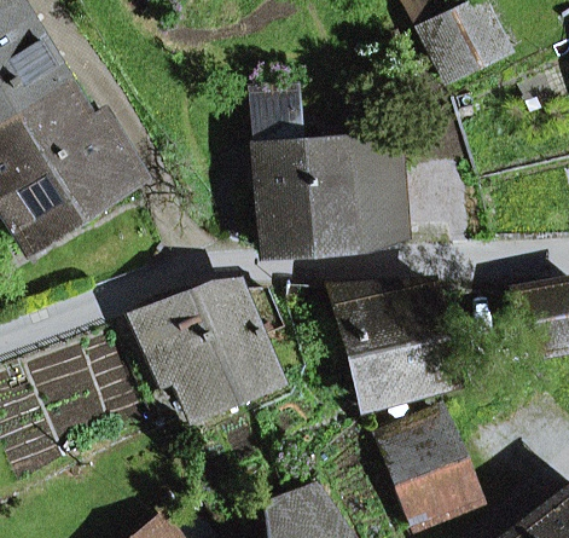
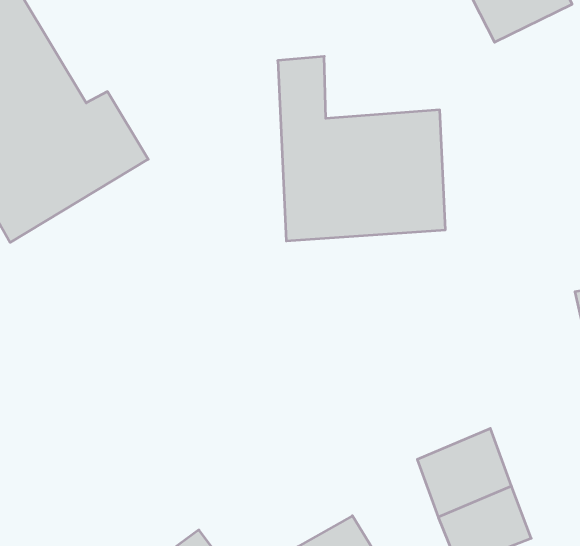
building: [132,287,280,413] -> none
building: [336,288,454,407] -> none

